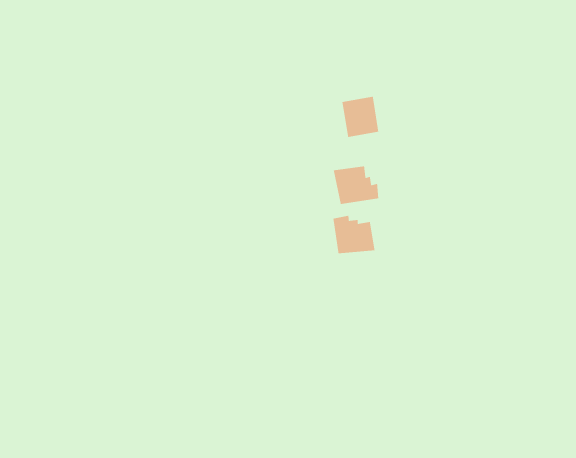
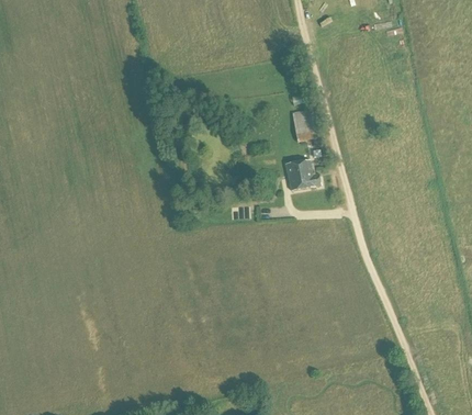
building: [333,215,375,254] -> none

